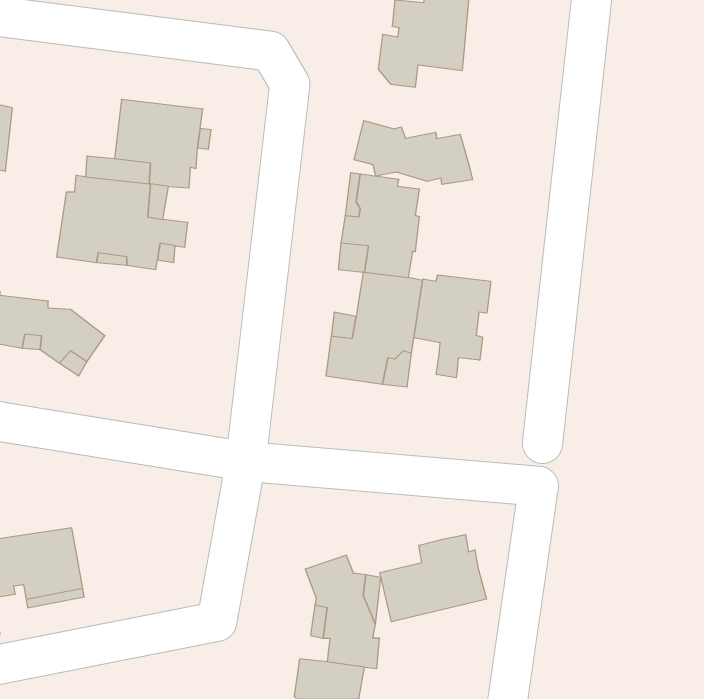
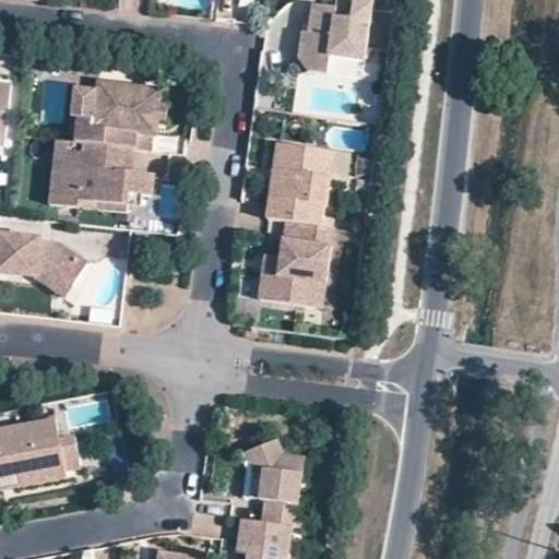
building: [354,121,472,184] -> none
building: [414,275,491,378] -> none
building: [380,535,487,622] -> none

